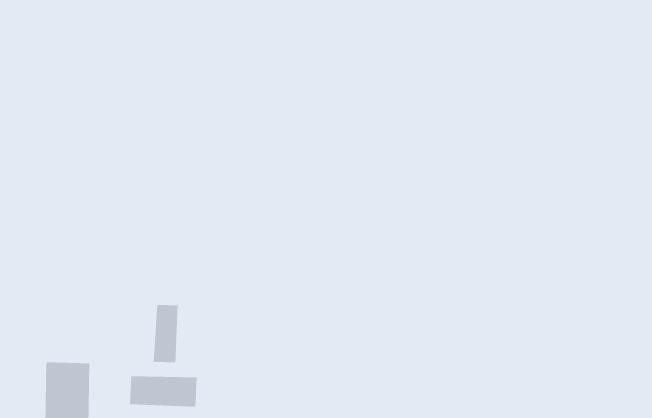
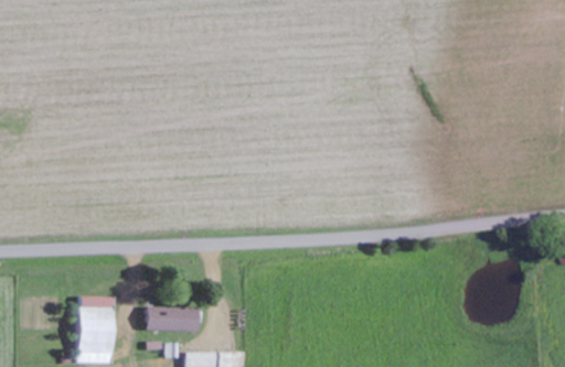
building: [153,304,179,363] -> none

